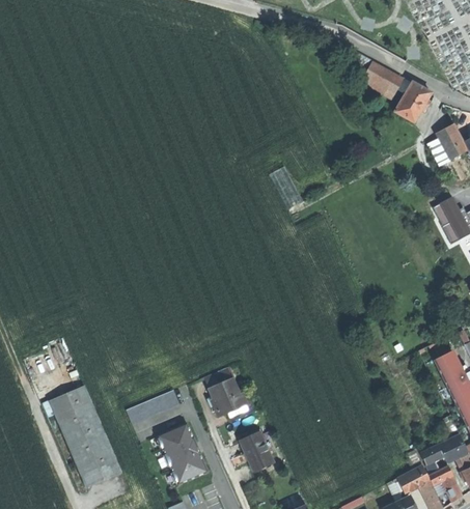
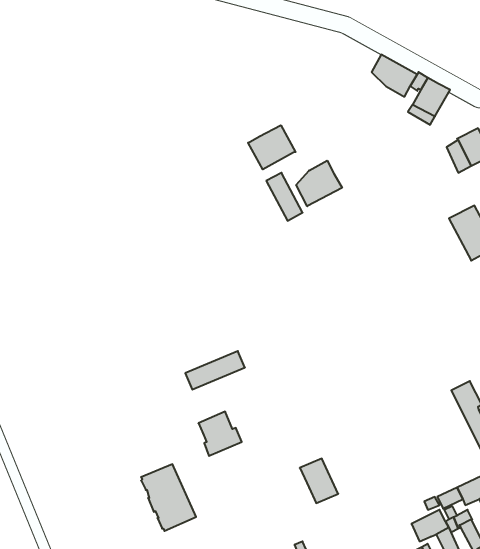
building: none -> [248,125,296,169]
building: none -> [296,161,342,206]
building: [50,386,121,486] -> none
building: [126,390,178,424] -> [185,351,245,390]
building: [240,431,274,471] -> [300,459,338,503]

